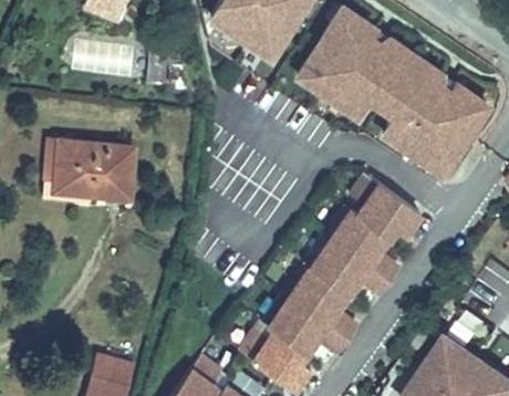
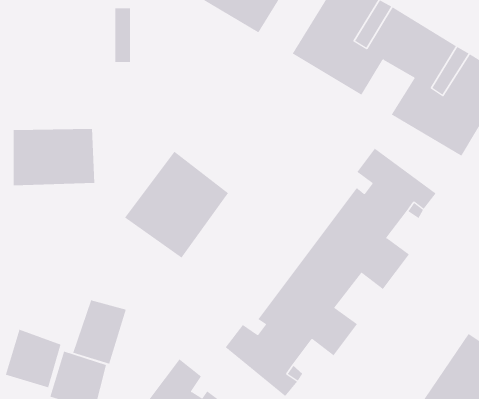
building: none -> [124,151,229,259]
building: none -> [72,299,126,365]
building: none -> [5,329,61,388]

